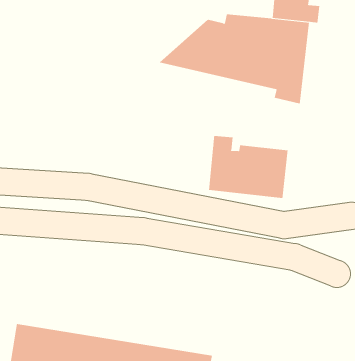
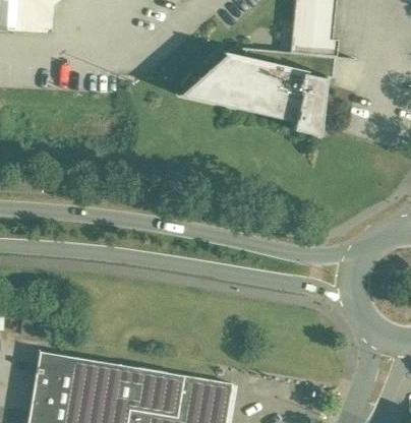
building: [208,135,288,199] -> none

